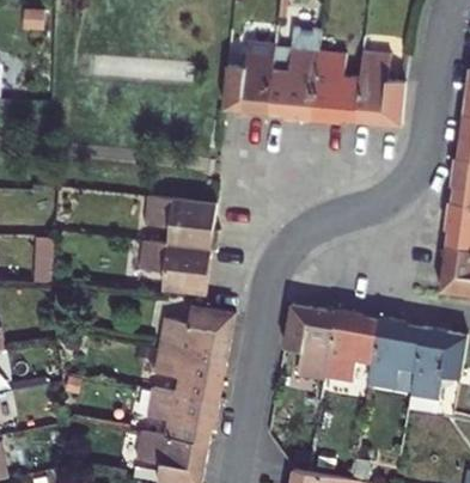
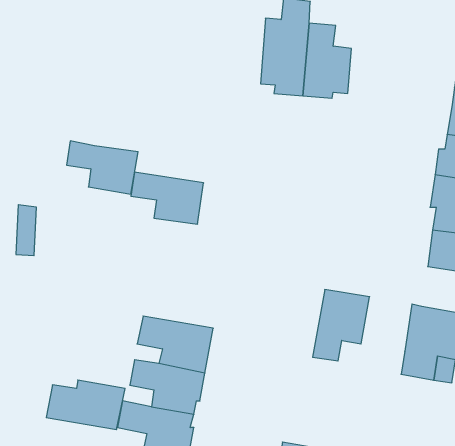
building: [228,41,277,112] -> none
building: [358,51,409,127] -> none
building: [139,240,209,293] -> [67,141,138,194]
building: [155,305,233,354] -> [46,380,125,430]
building: [281,307,335,386] -> none
building: [367,323,421,393] -> none

